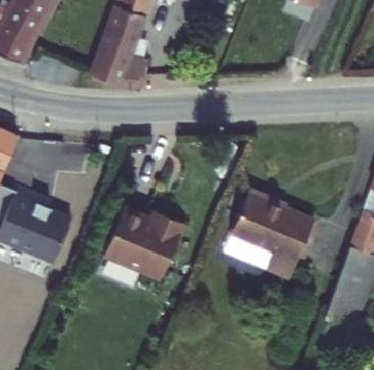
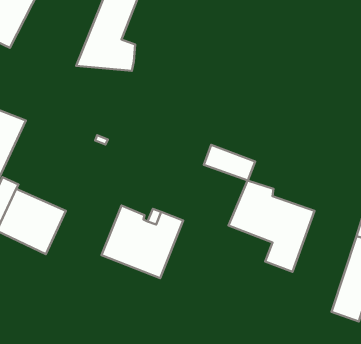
building: [226,236,276,271] -> [204,145,255,181]

